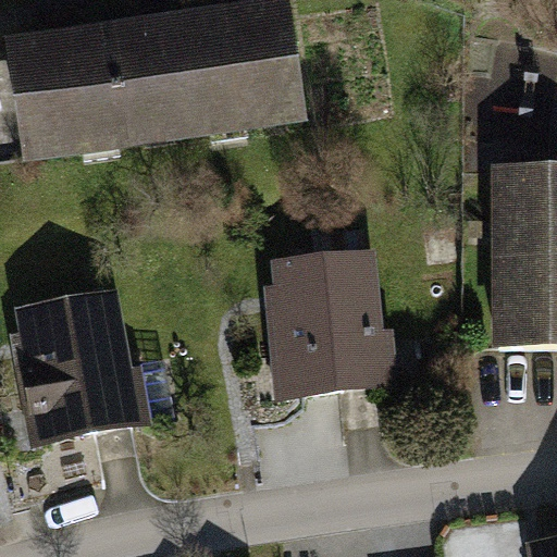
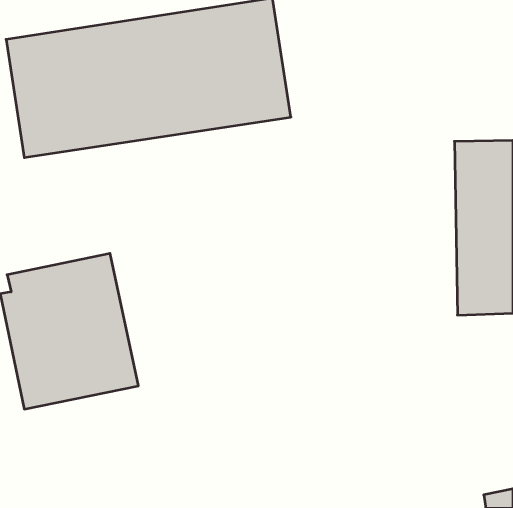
building: [265,249,398,391] -> none

